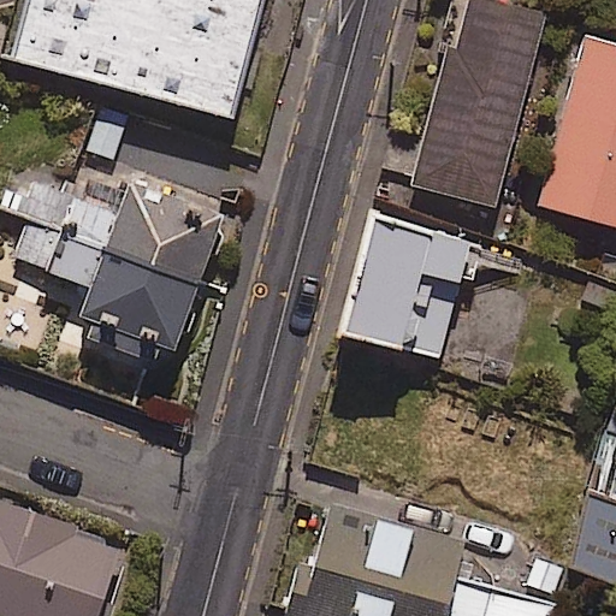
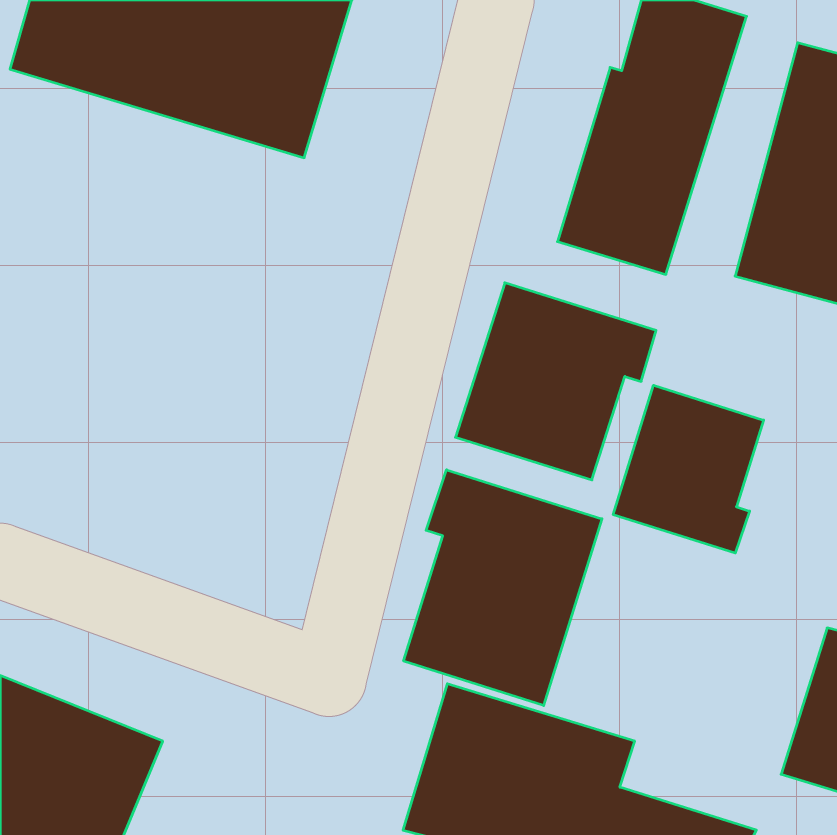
building: [16,182,221,365] -> none
building: none -> [613,385,764,553]
building: none -> [404,470,602,706]

